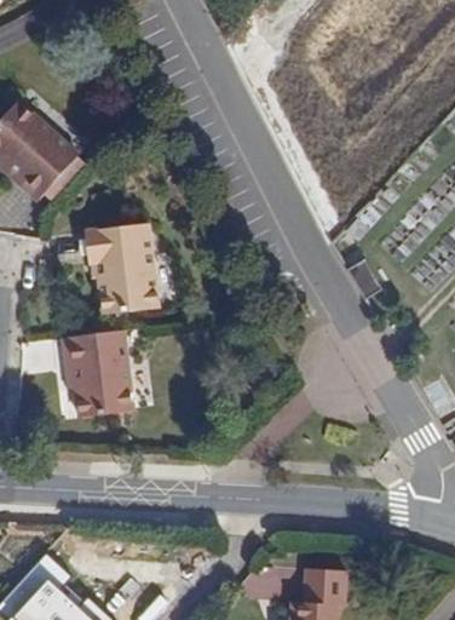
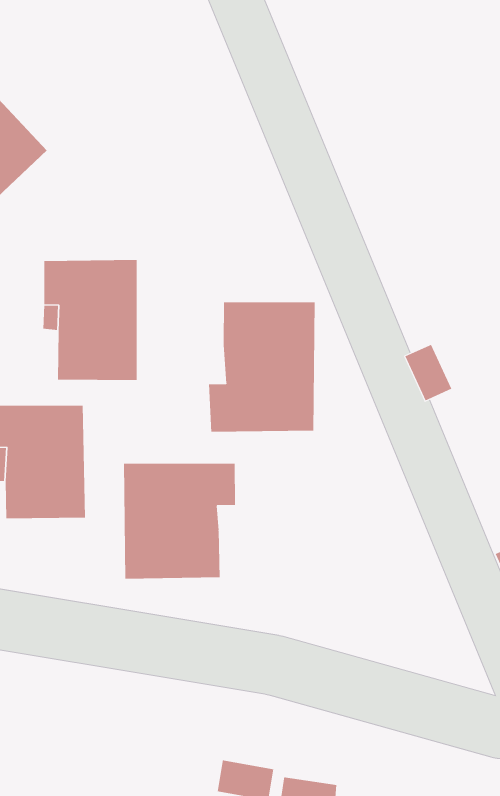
building: none -> [208,302,315,432]
building: none -> [123,463,236,580]

